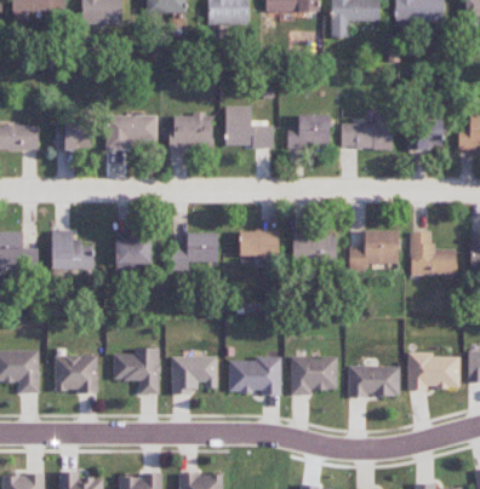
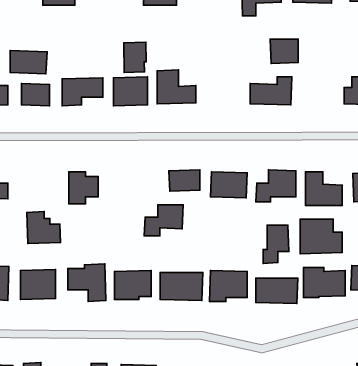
building: none -> [124,42,146,73]
building: none -> [10,51,47,74]
building: [286,114,330,149] -> none
building: [407,119,442,149] -> [270,39,298,64]
building: [51,230,93,270] -> [27,212,61,244]
building: [170,232,218,271] -> [144,205,183,236]
building: none -> [300,219,342,254]
building: none -> [263,225,289,264]

